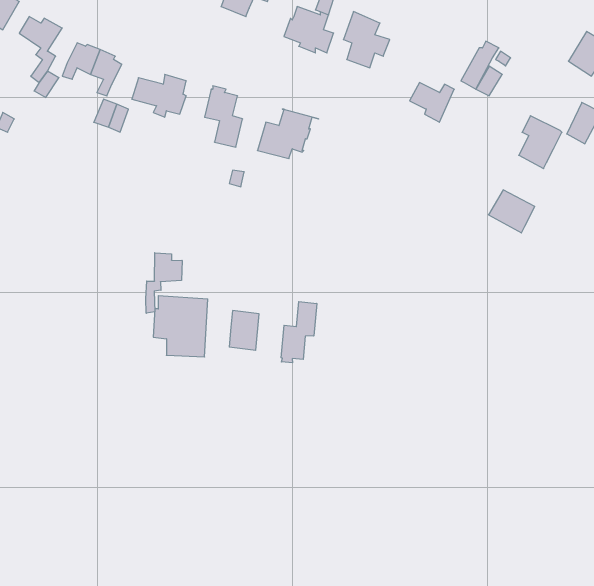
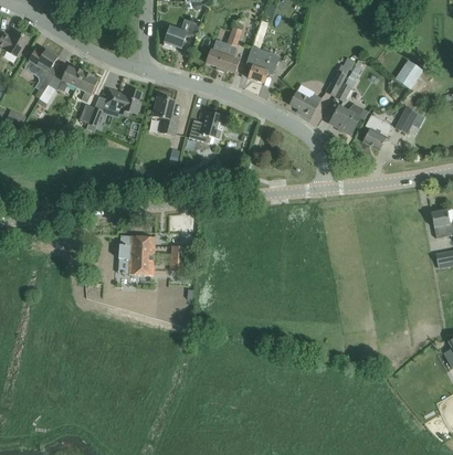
building: [488,190,535,233] -> [328,106,359,135]
building: [146,253,182,313] -> none
building: [281,302,317,363] -> none

